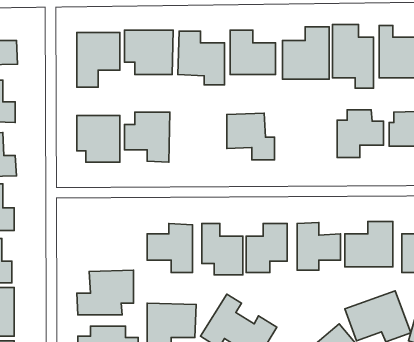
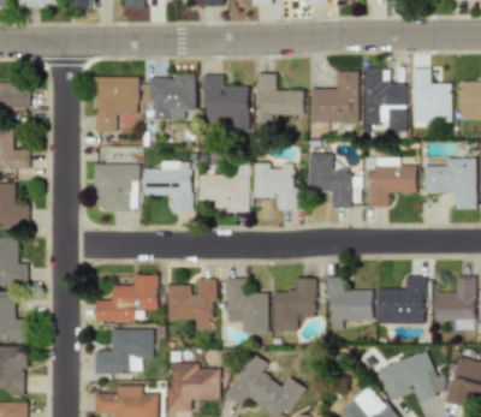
building: none -> [308,153,352,209]
building: none -> [197,166,249,213]
building: none -> [95,274,159,322]

